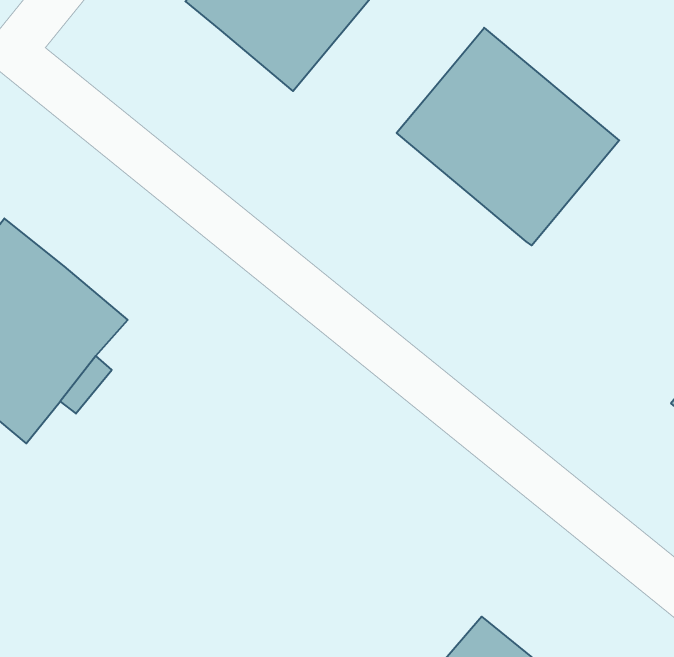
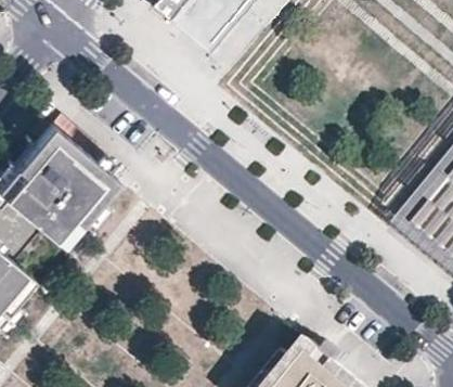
building: [397,28,619,245] -> none

